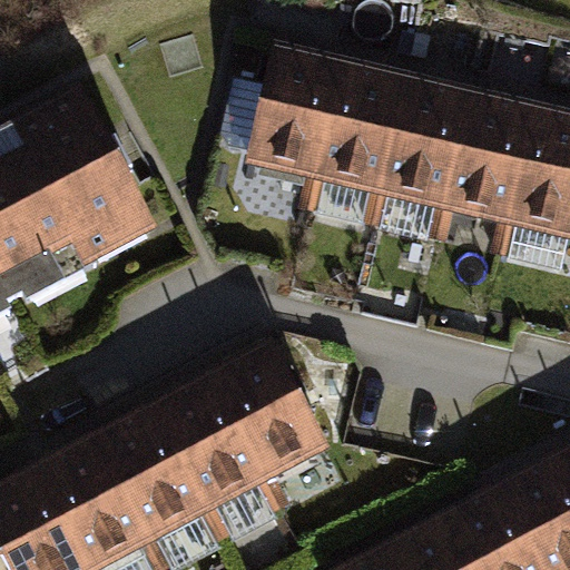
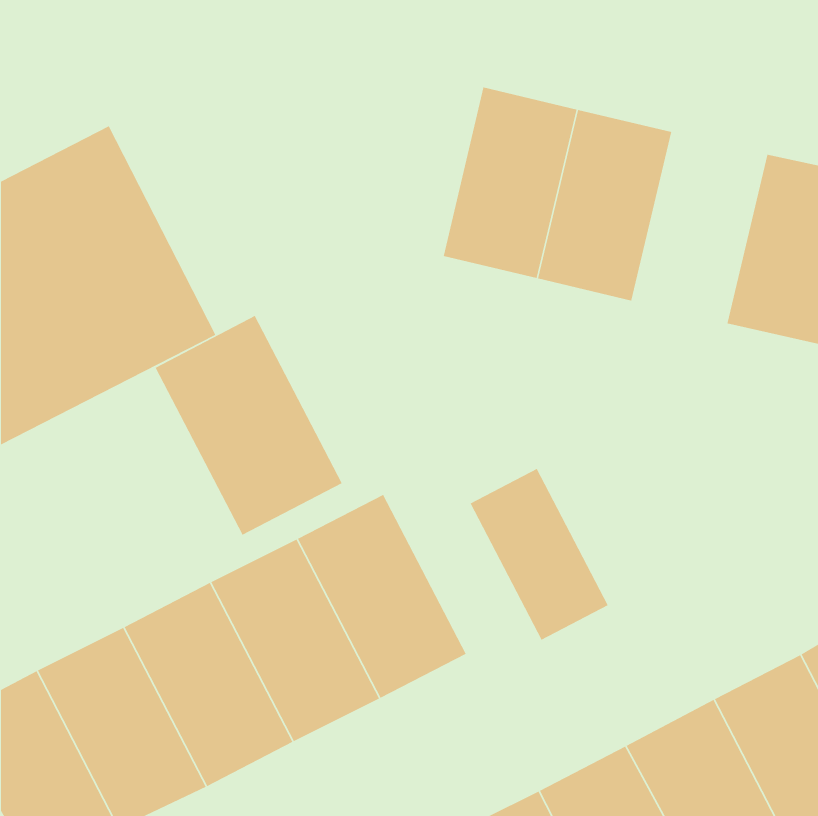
building: [243,47,336,180] -> none
building: [440,94,533,227] -> none
building: none -> [154,315,343,536]
building: none -> [470,468,609,641]

